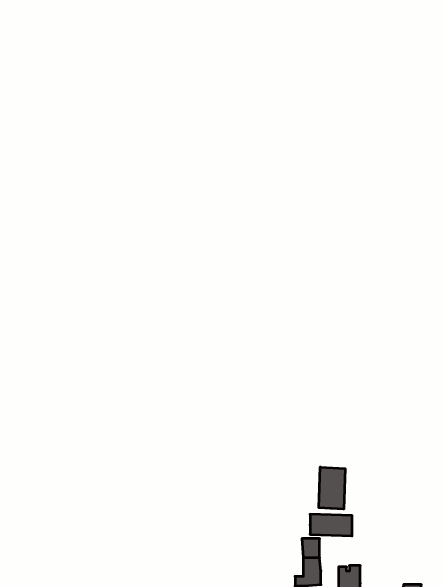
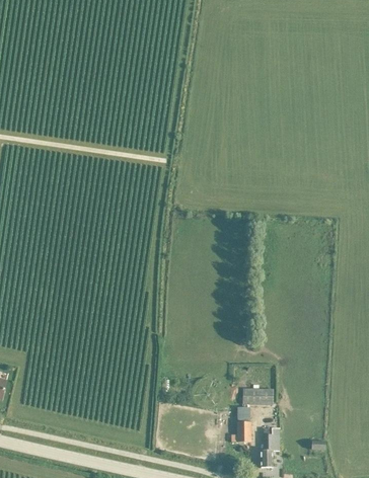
building: [319,467,345,509] -> none

